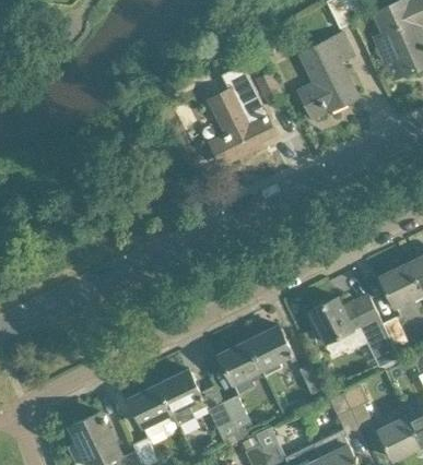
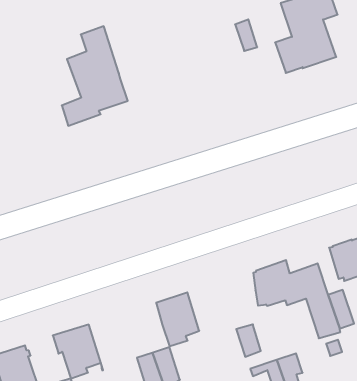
building: [210,64,273,164] -> [62,26,128,126]
building: [247,325,292,375] -> none
building: [157,369,205,426] -> none

